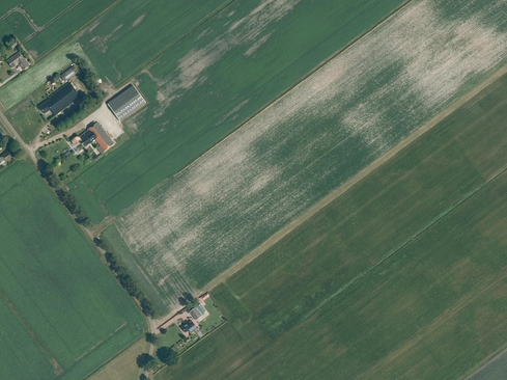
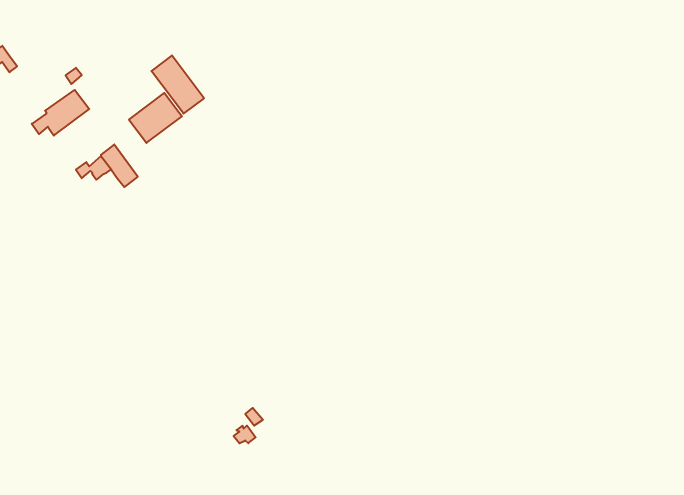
building: none -> [151,55,204,114]

